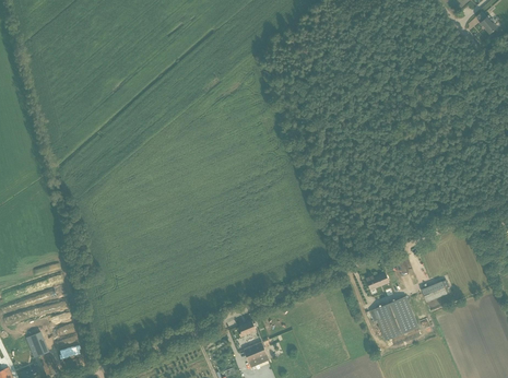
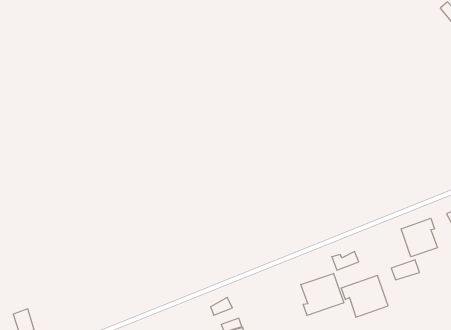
building: none -> [401,218,437,257]
building: none -> [301,273,344,316]

